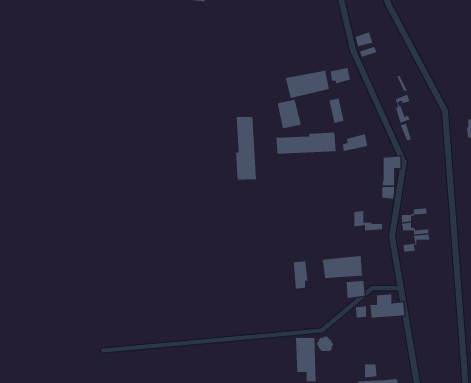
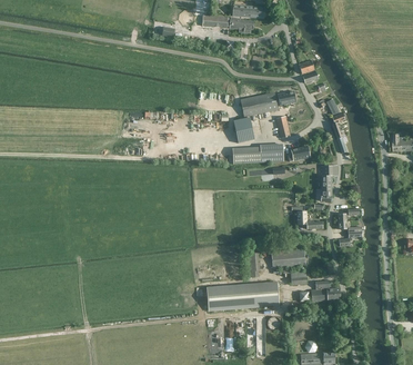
building: [235,116,257,180] -> none
building: none -> [205,282,280,309]

